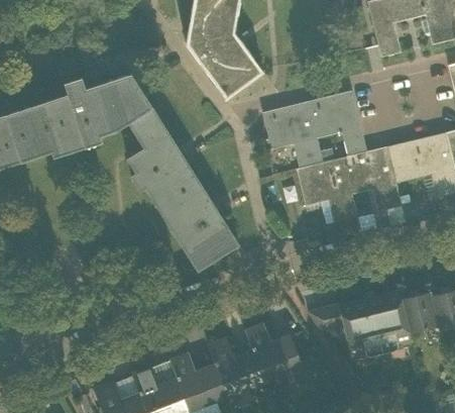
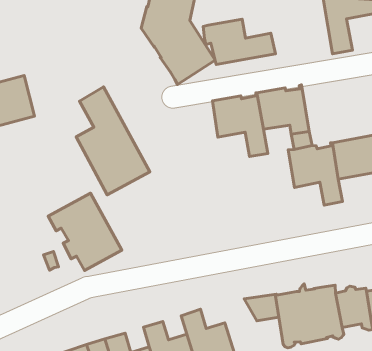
building: none -> [203,19,276,65]
building: [66,73,151,140] -> none
building: [296,158,356,221] -> none
building: [162,189,239,268] -> [48,193,122,271]

